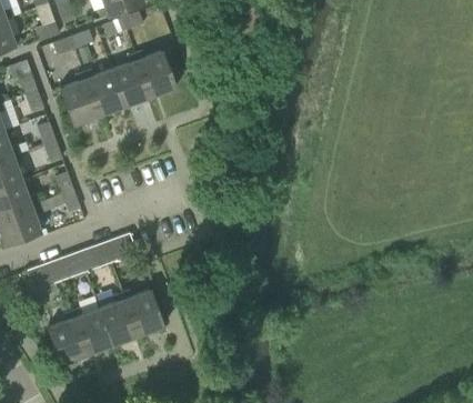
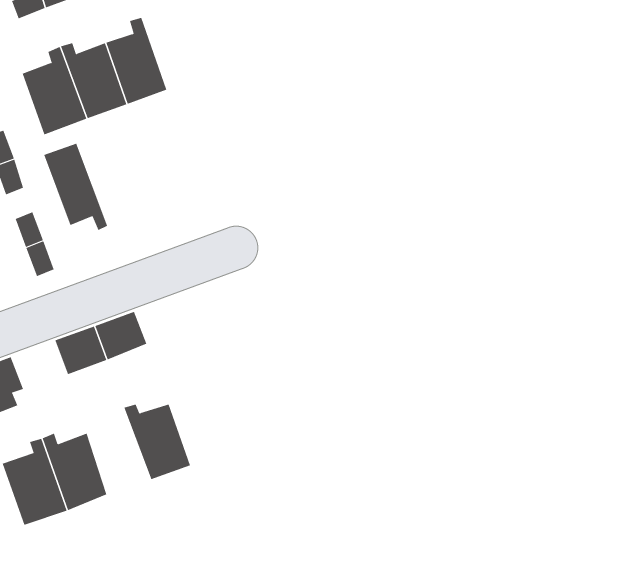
building: [133,50,175,98] -> none
building: none -> [44,143,108,231]
building: [53,251,88,281] -> none
building: [100,292,139,345] -> none

